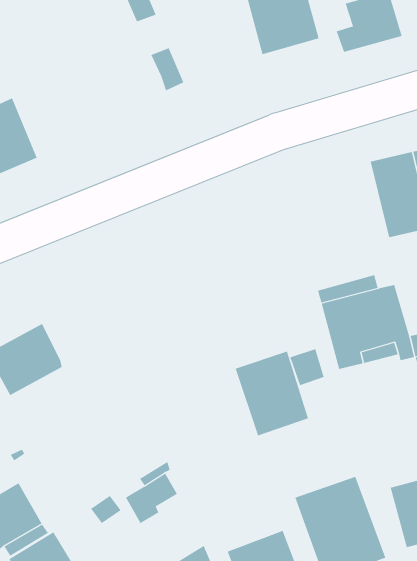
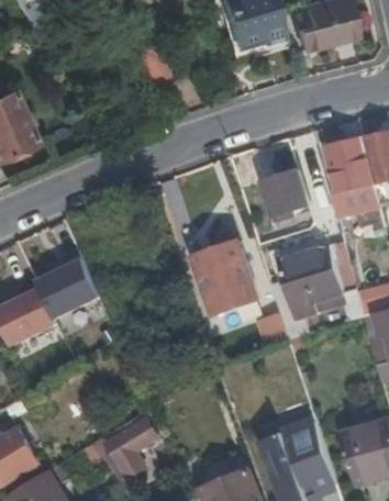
building: none -> [263,170,308,222]
building: none -> [36,260,101,321]
building: [235,351,309,436] -> [194,241,259,315]

